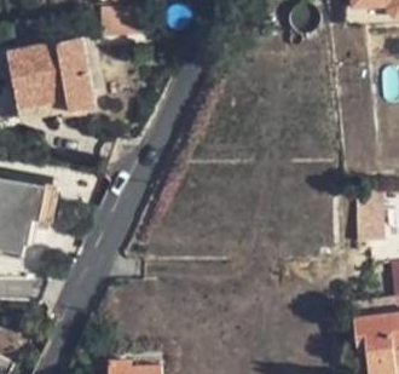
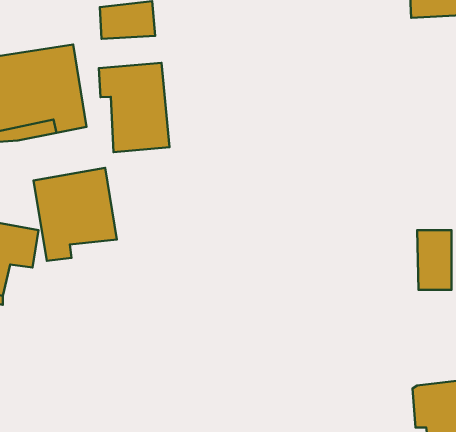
building: none -> [99,63,170,152]
building: none -> [34,168,117,261]

